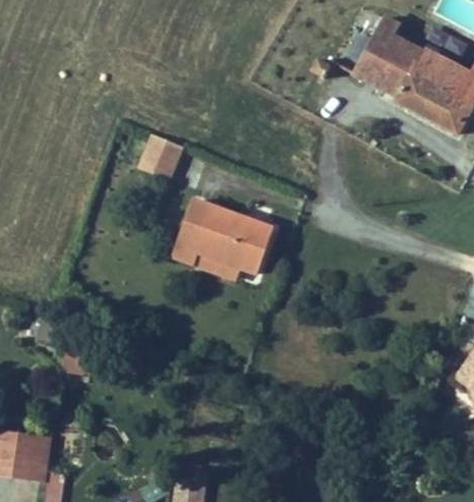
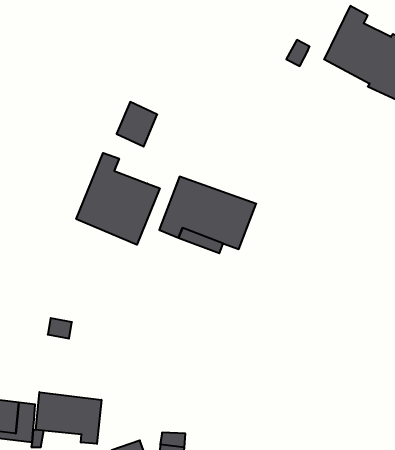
building: none -> [76,153,160,245]
building: none -> [36,392,101,444]

